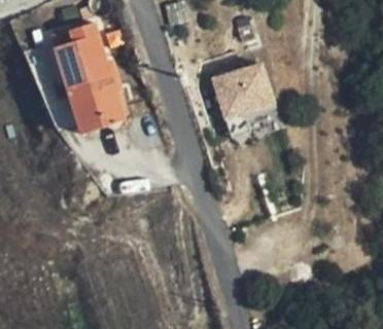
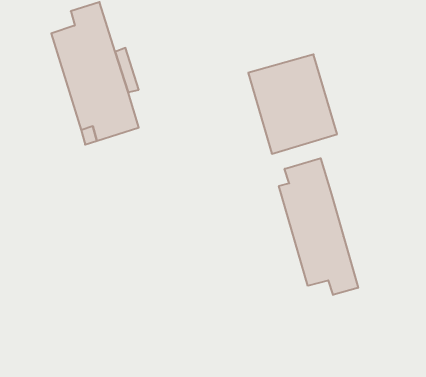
building: none -> [279,158,358,295]

